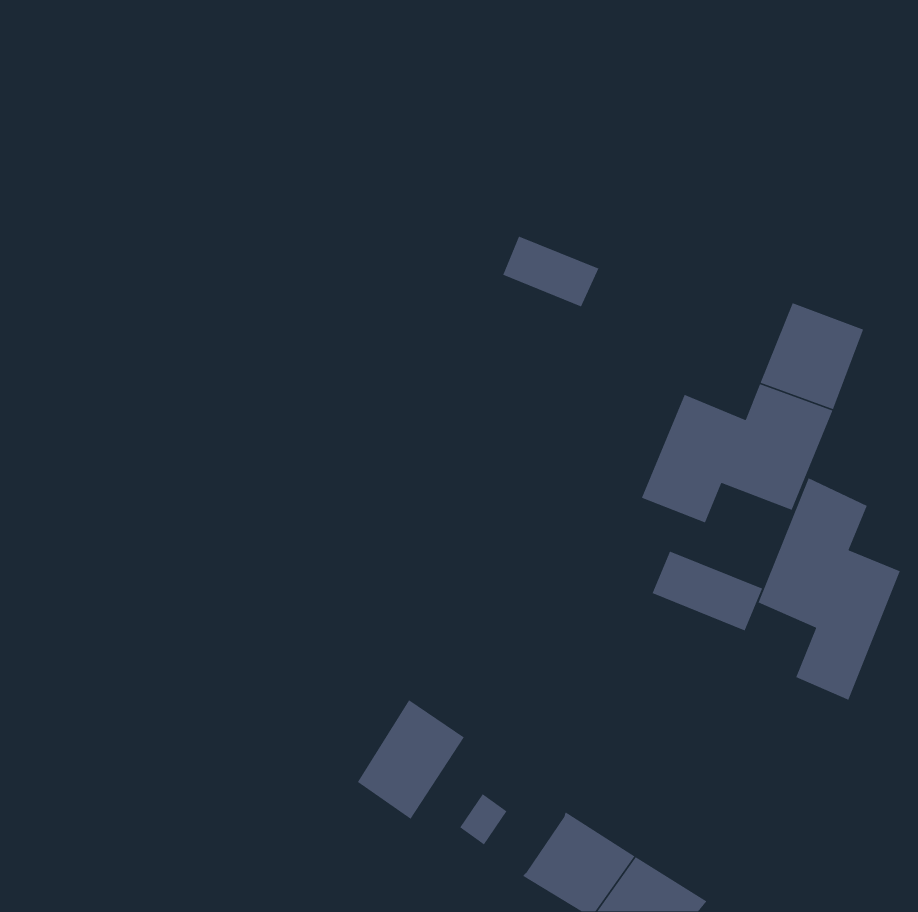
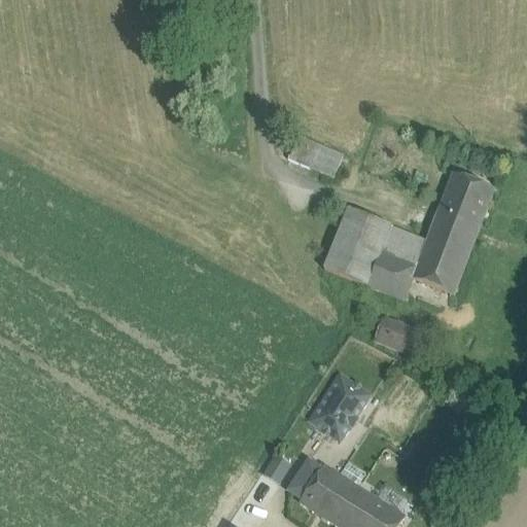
building: none -> [323,207,391,285]
building: [757,477,901,701] -> none
building: [357,699,465,820] -> [309,373,371,442]
building: none -> [286,458,322,499]

